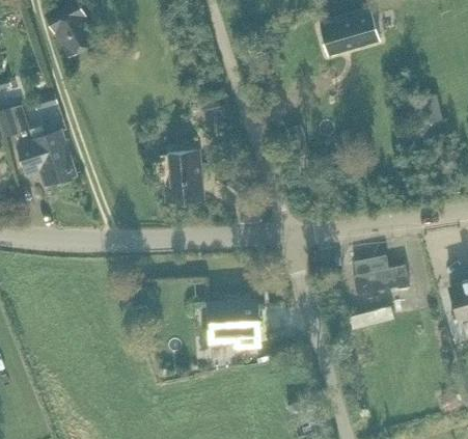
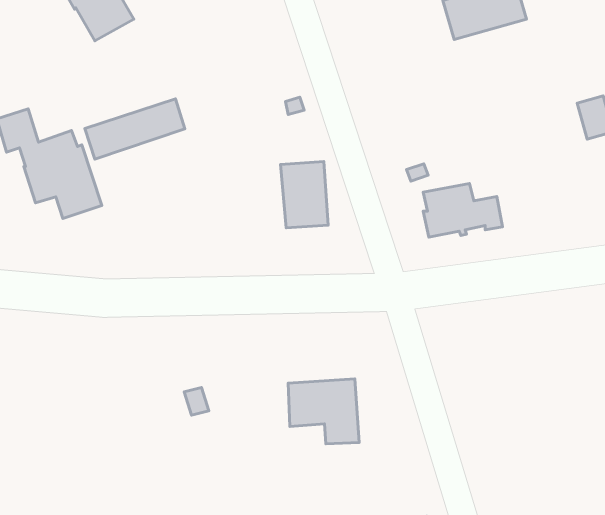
building: none -> [85,99,185,159]
building: [166,154,200,201] -> [280,162,328,228]
building: [353,256,410,295] -> [423,184,503,237]

